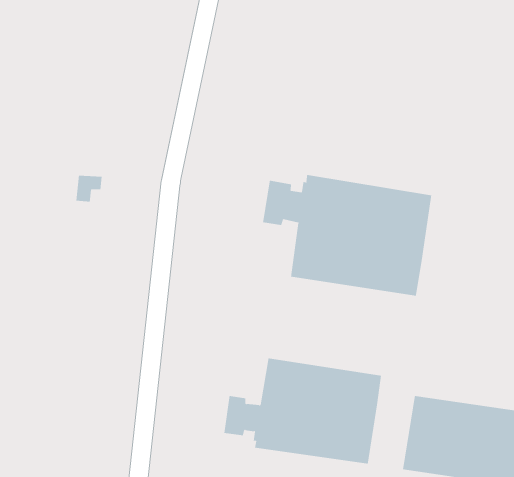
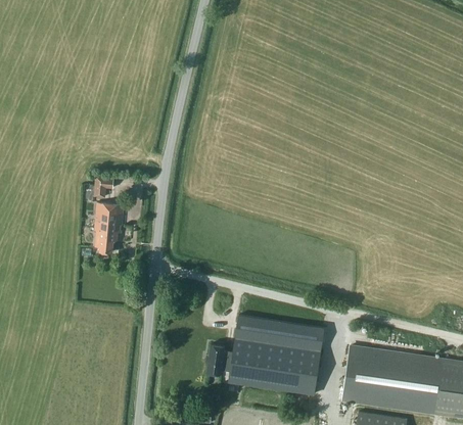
building: [262,174,432,296] -> none
building: none -> [93,202,123,253]

